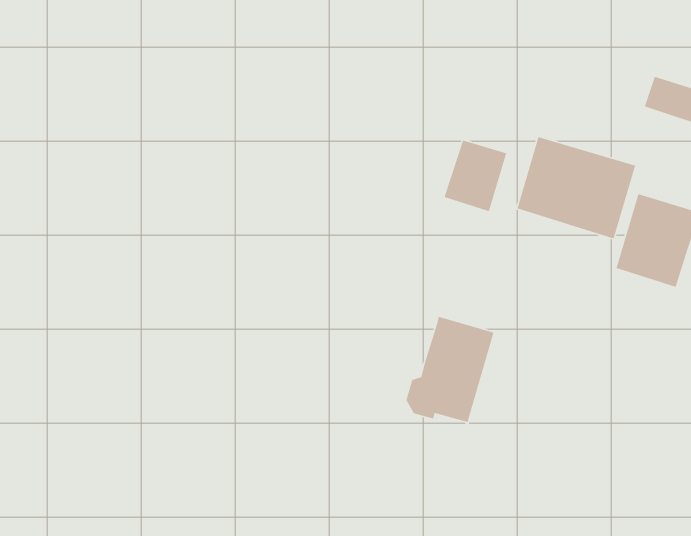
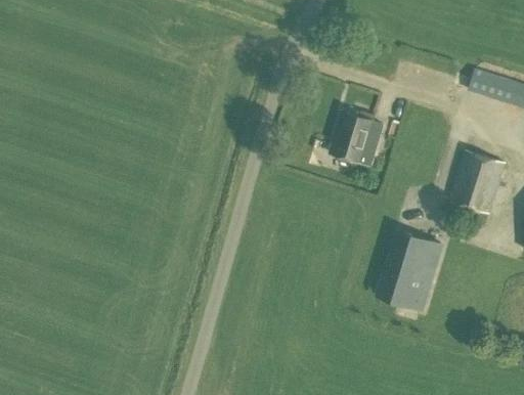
building: [517,136,636,239] -> none
building: [406,316,495,429] -> [382,232,443,310]

